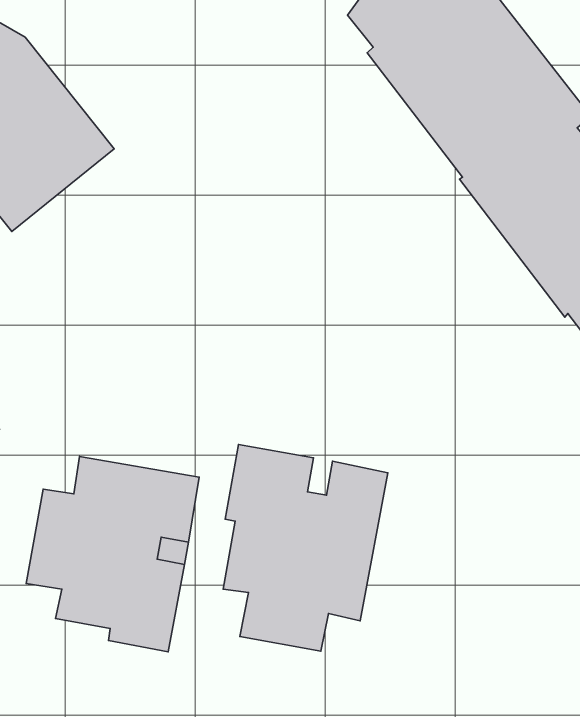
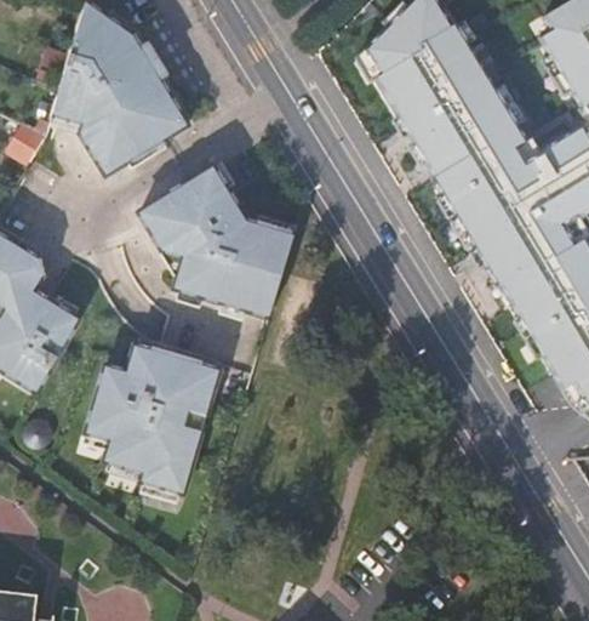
building: none -> [138,165,293,310]
building: [223,445,388,651] -> none

